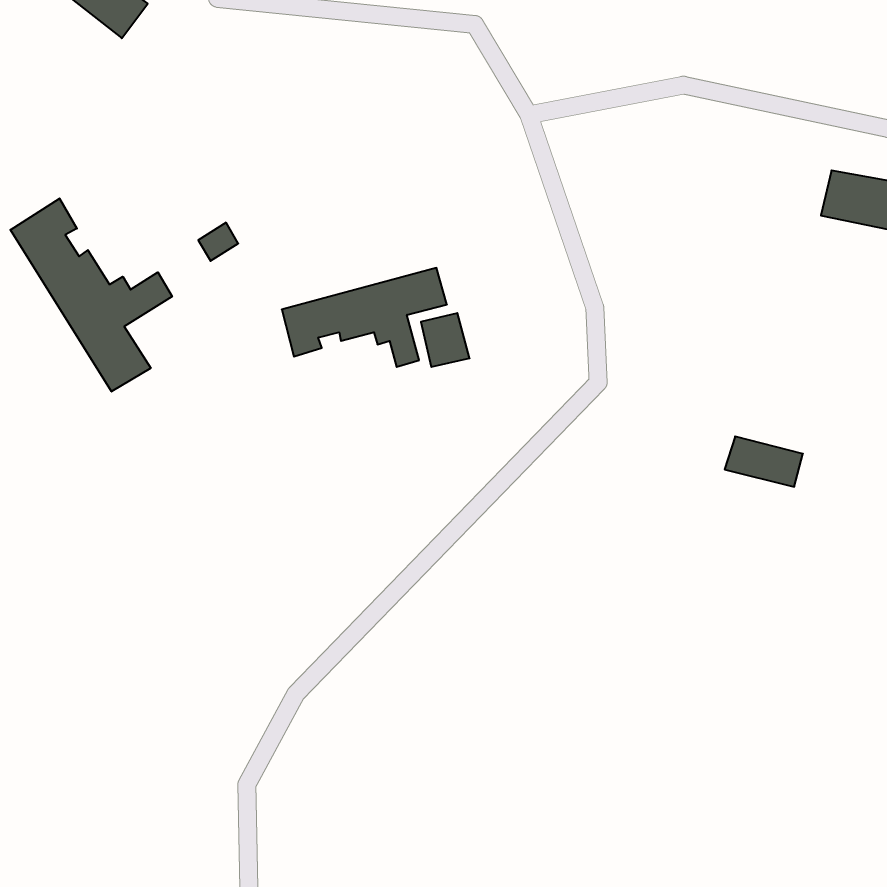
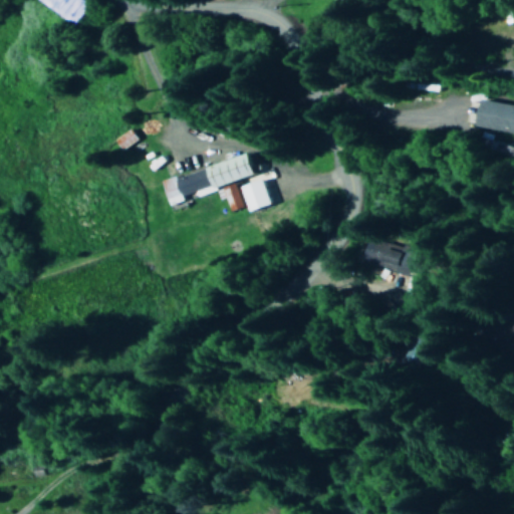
building: [10,198,172,392] -> none
building: [725,436,803,487] -> [364,242,410,271]

